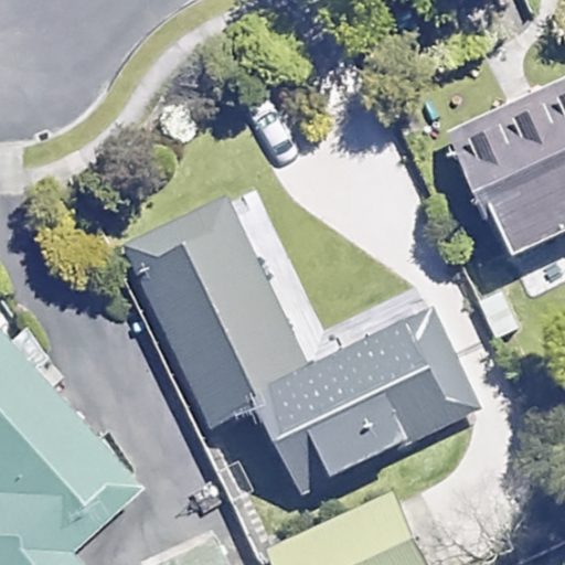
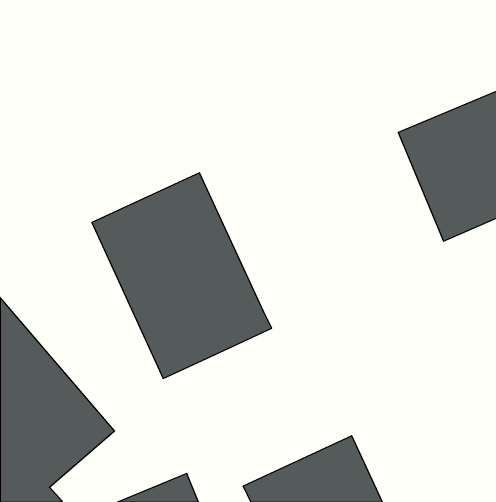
building: [249,295,471,477] -> none

